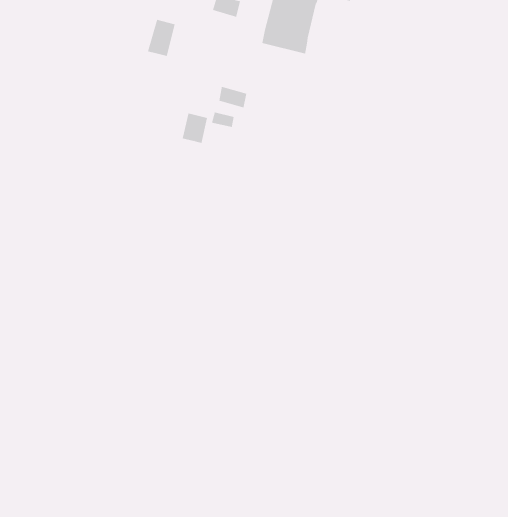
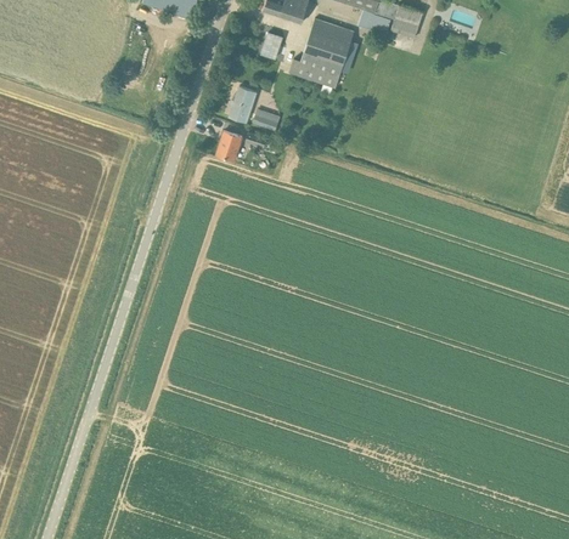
building: [147,19,175,57] -> [229,86,257,121]

